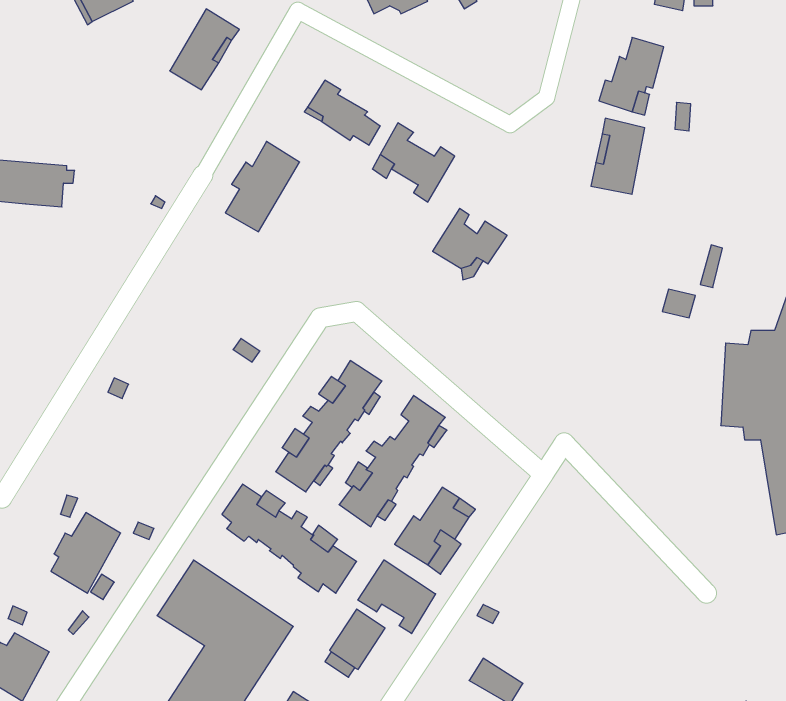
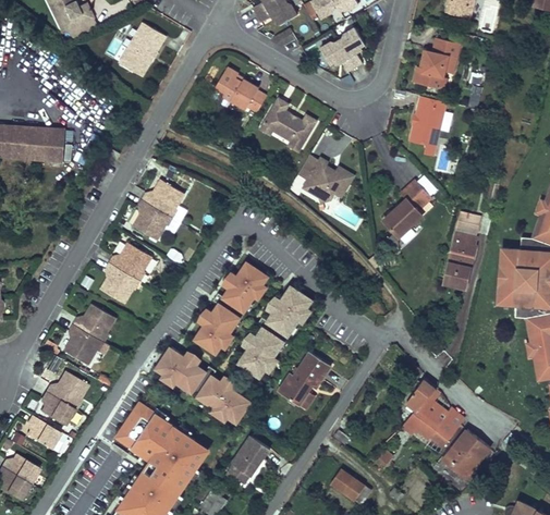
building: none -> [319,29,364,75]
building: [225,141,300,232] -> [134,177,185,240]
building: none -> [383,182,431,237]
building: none -> [445,234,479,292]
building: none -> [100,241,154,303]
building: none -> [64,303,117,364]
building: none -> [394,380,464,447]
building: [358,560,436,634] -> none
building: none -> [25,415,59,446]
building: none -> [441,428,487,476]

